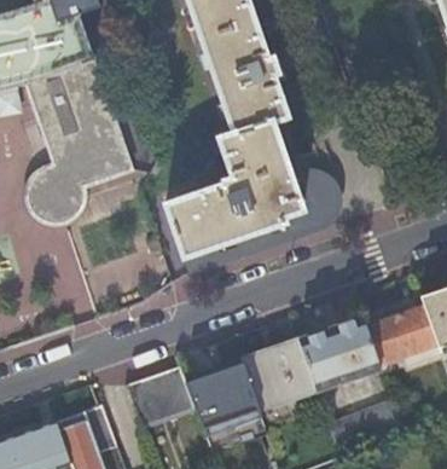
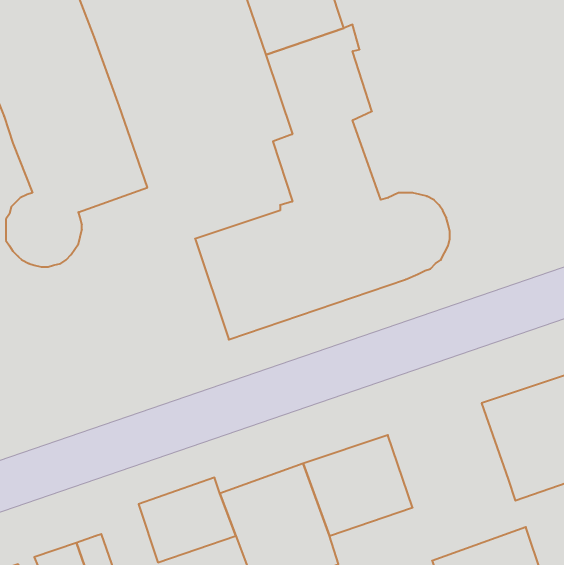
building: [298,315,381,389] -> none

